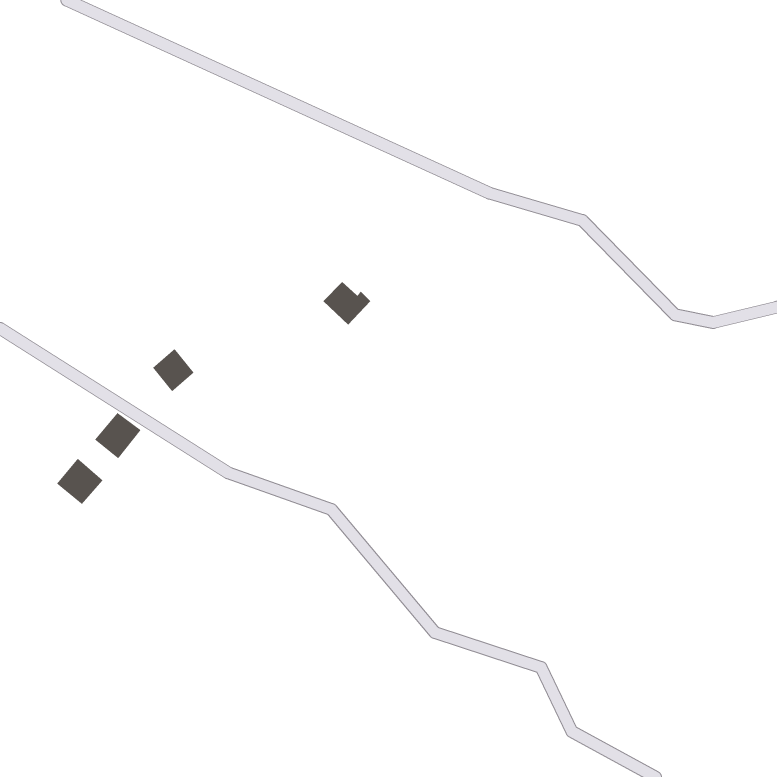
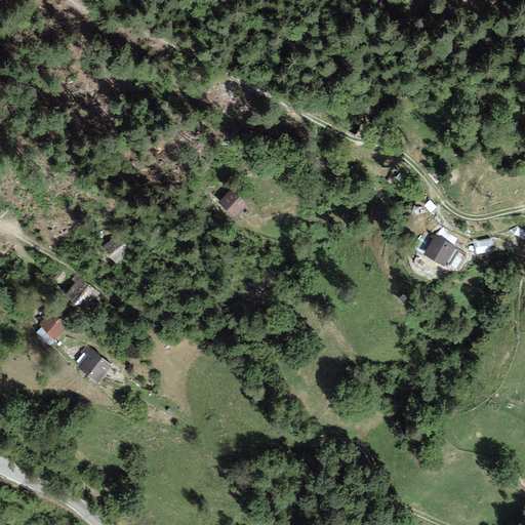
building: none -> [423,235,456,268]
building: none -> [78,346,113,383]

